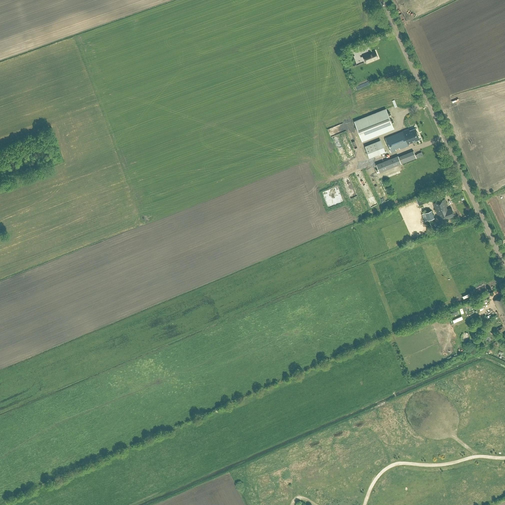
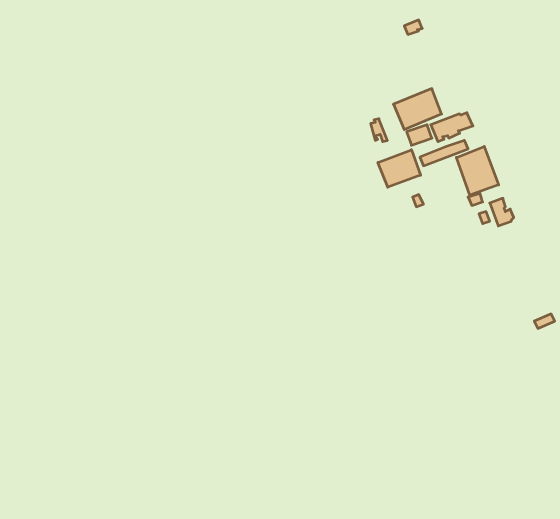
building: none -> [456,146,499,195]
building: none -> [378,150,421,187]

